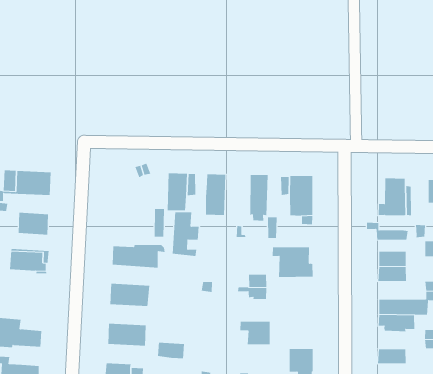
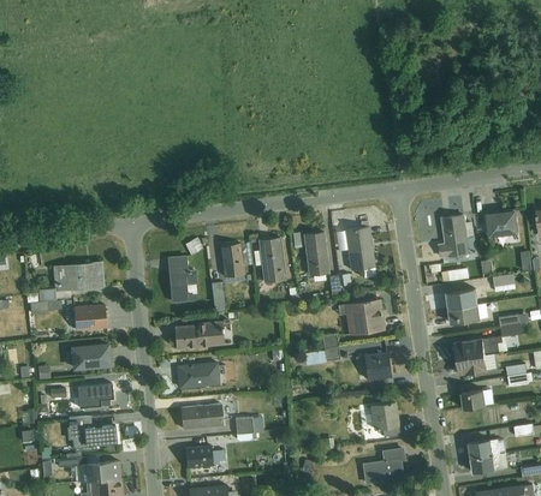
building: [172,212,200,256] -> [168,256,197,301]
building: none -> [73,384,113,407]
building: [240,321,270,345] -> [356,352,391,380]

